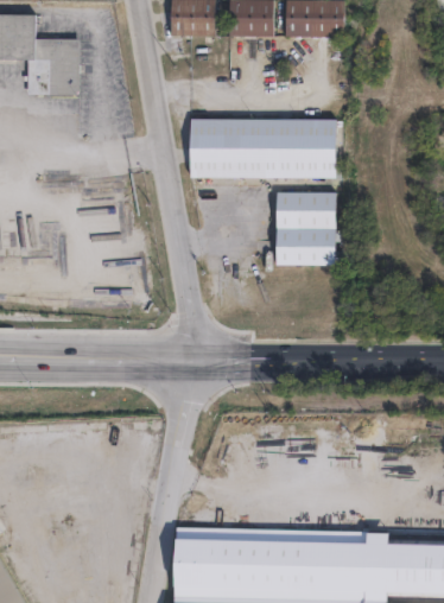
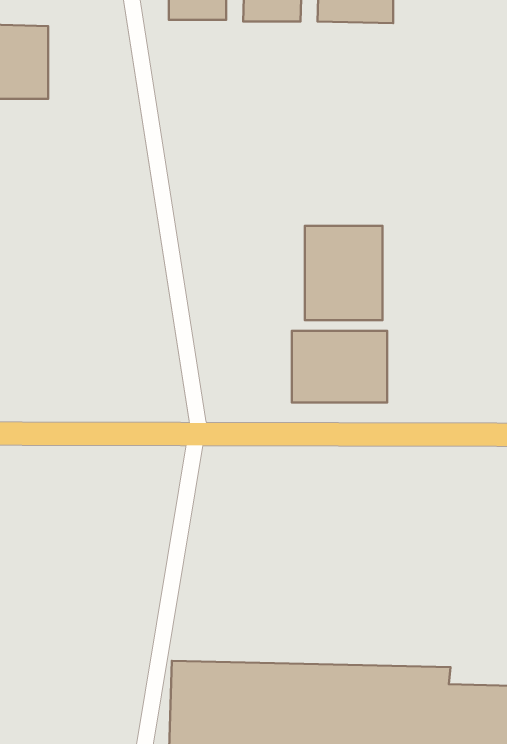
building: [191,119,337,178] -> none
building: none -> [292,331,387,403]

